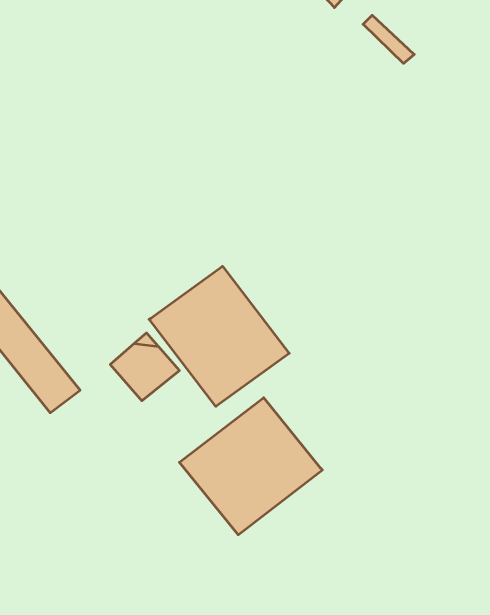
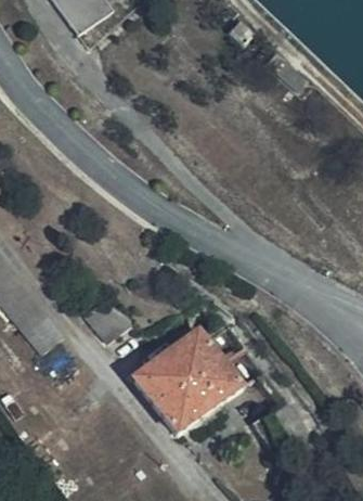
building: [149,266,289,406] -> none

